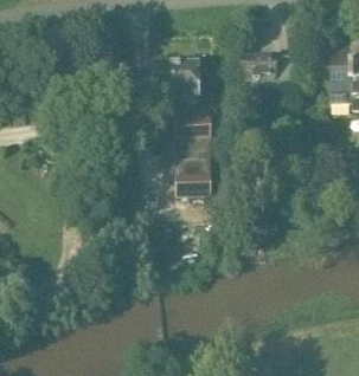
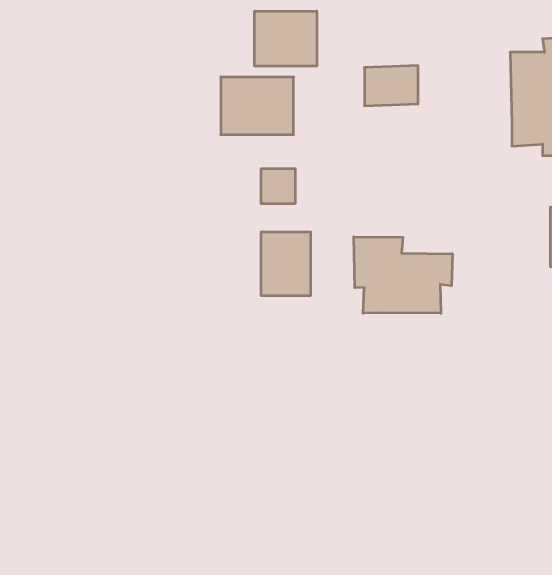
building: none -> [255,11,317,66]
building: none -> [354,237,452,313]

